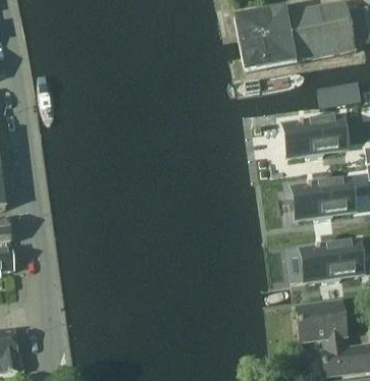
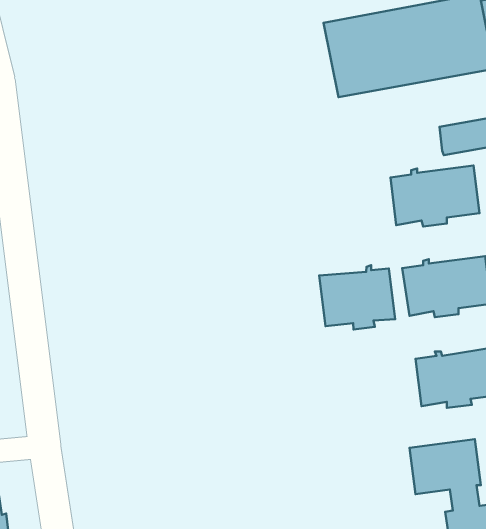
building: none -> [319,265,395,330]

